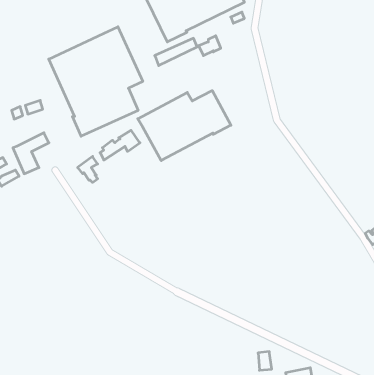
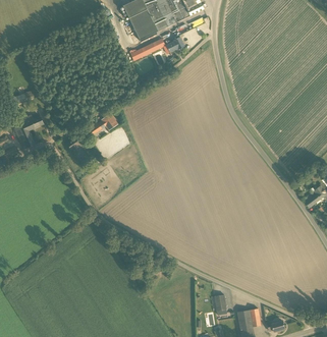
building: [49,27,143,136] -> none
building: [138,91,231,161] -> none

